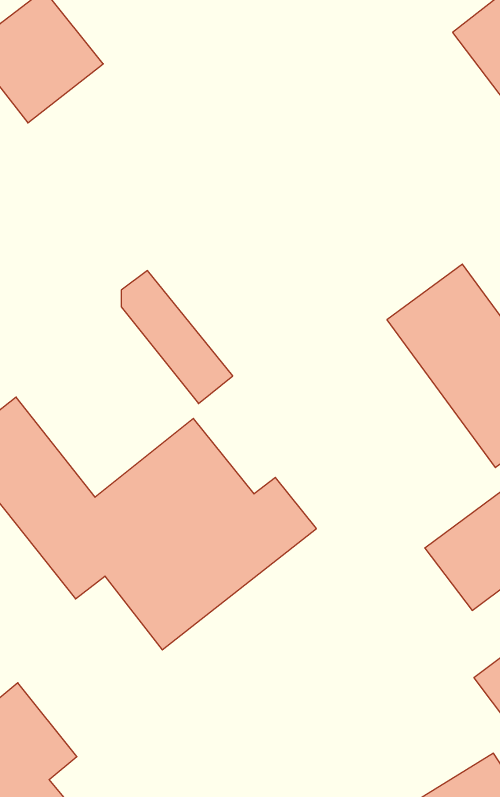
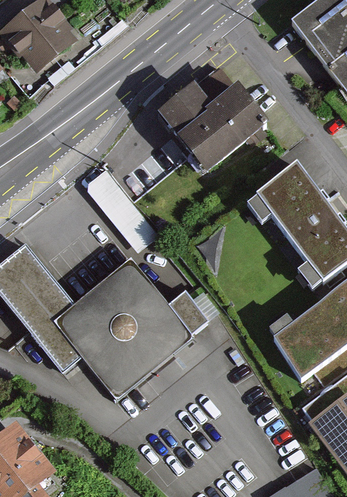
building: none -> [159,84,270,177]

